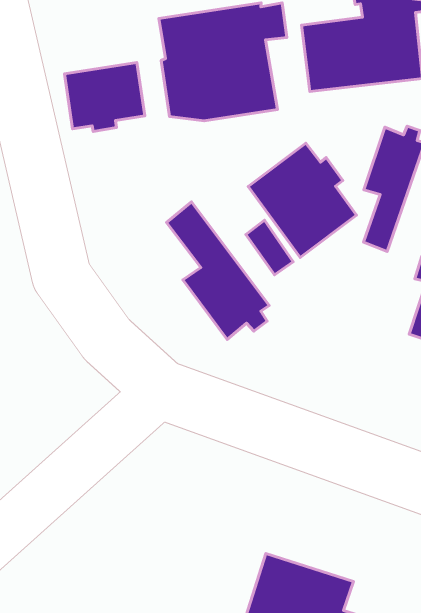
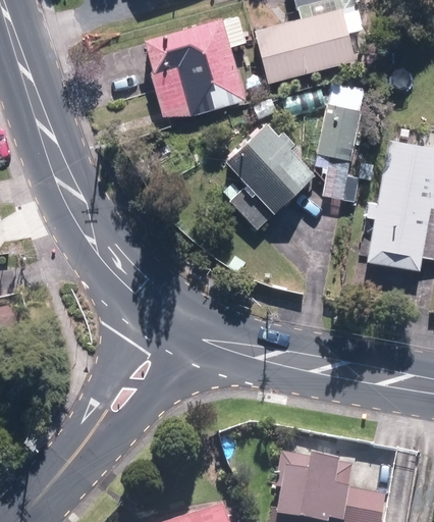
building: [64,62,145,132] -> none
building: [167,202,269,340] -> none

